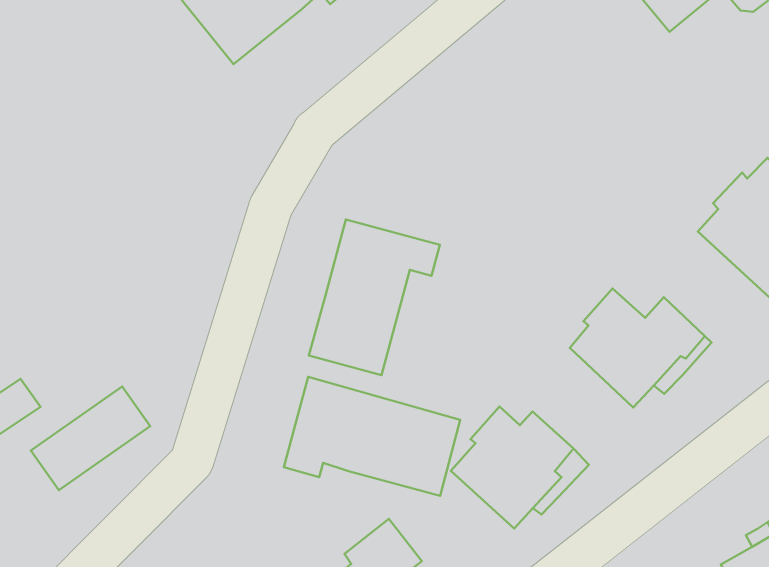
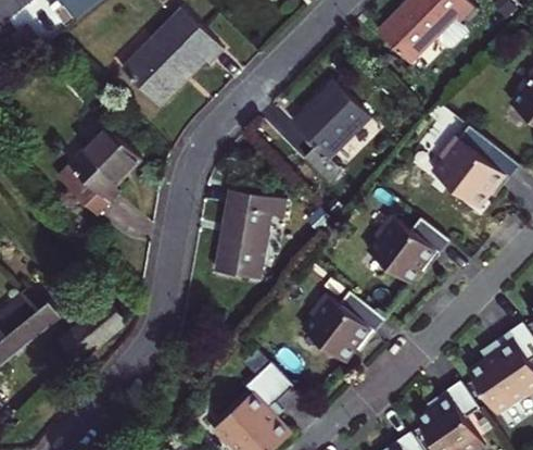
building: none -> [290,79,369,182]
building: none -> [56,125,139,215]
building: [284,377,460,496] -> none

